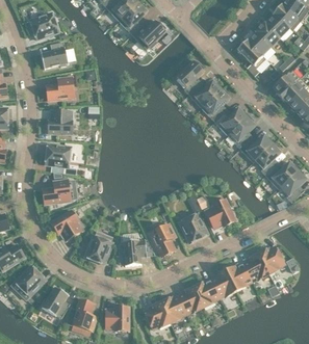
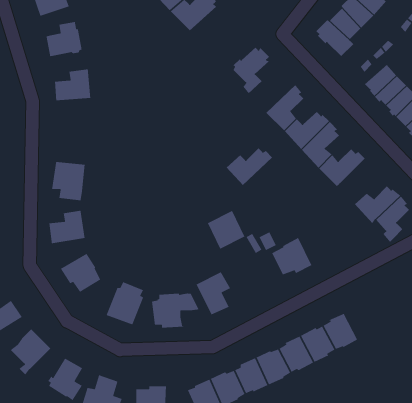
building: [188,80,223,108] -> [226,147,273,186]
building: [49,110,72,133] -> none
building: [255,141,280,175] -> none
building: [179,213,207,242] -> [207,210,246,250]
building: [258,245,284,273] -> none

